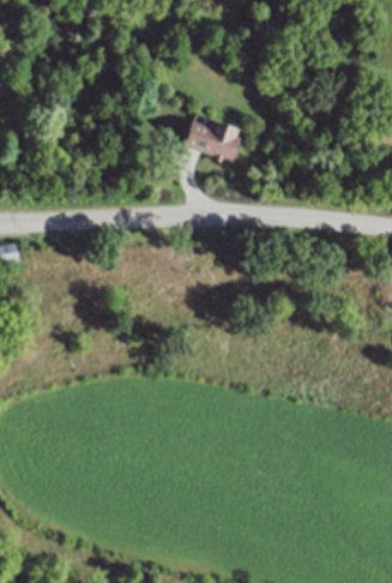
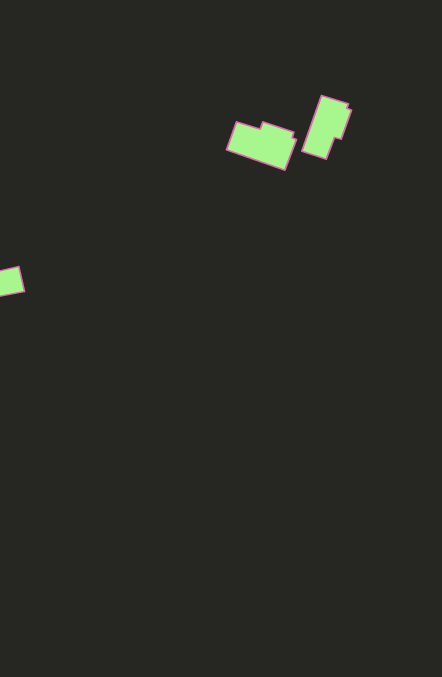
building: none -> [302,95,352,159]

